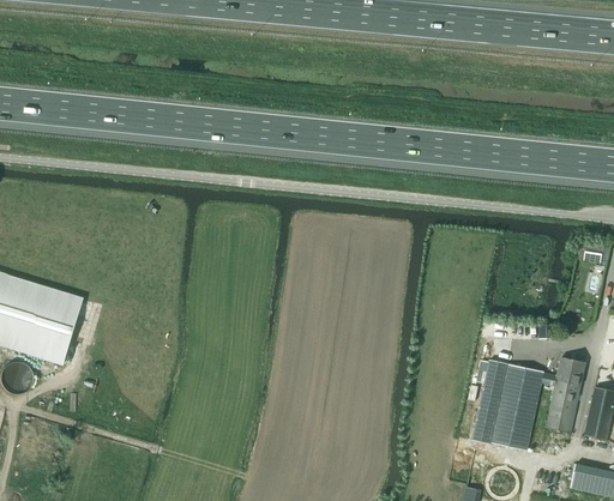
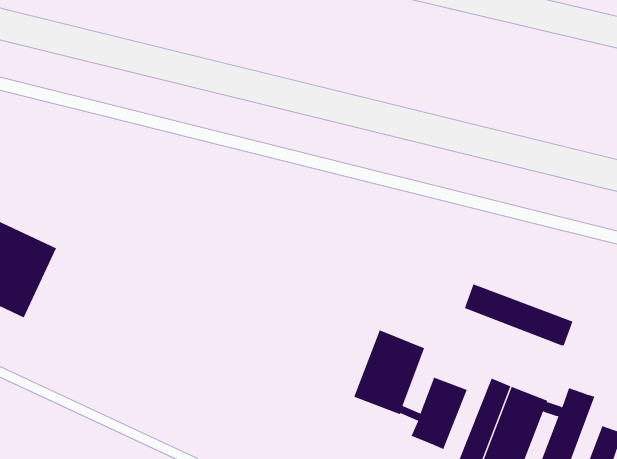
building: none -> [464,284,573,346]
building: none -> [354,330,467,450]

